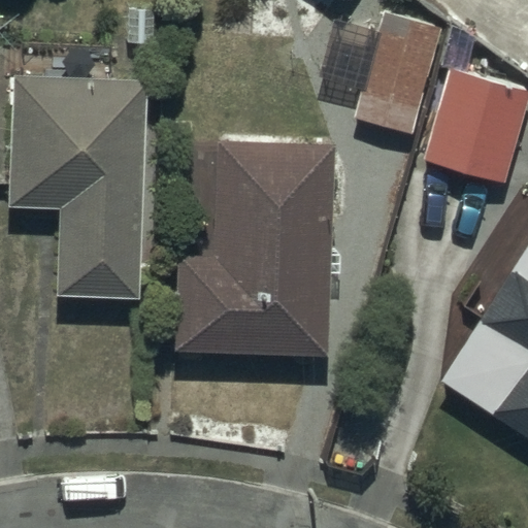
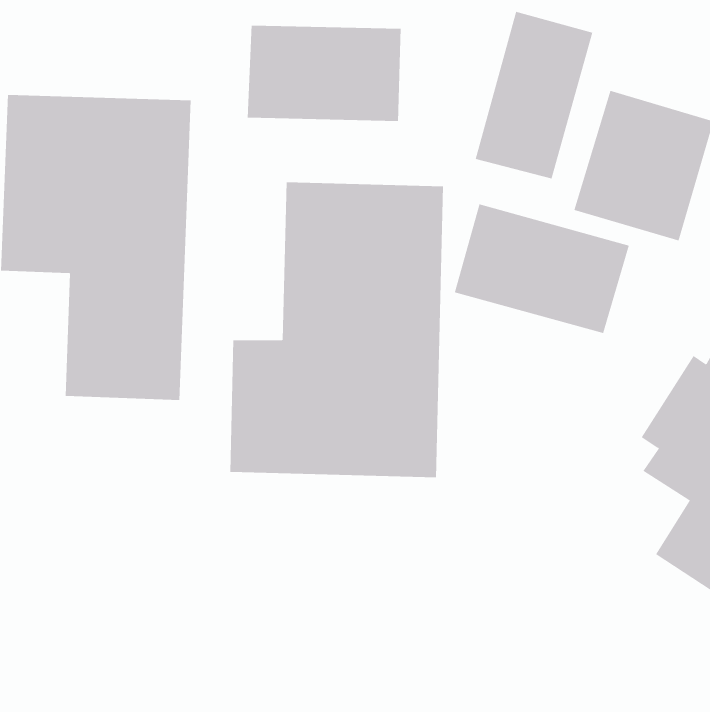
building: none -> [247,25,401,122]
building: none -> [454,204,630,334]

